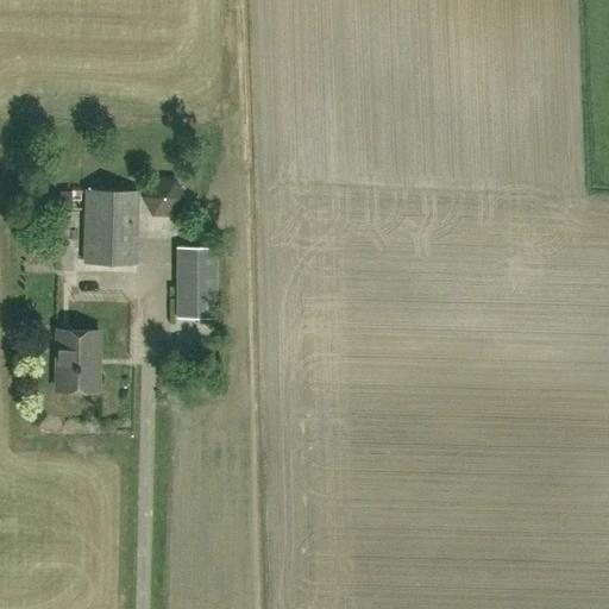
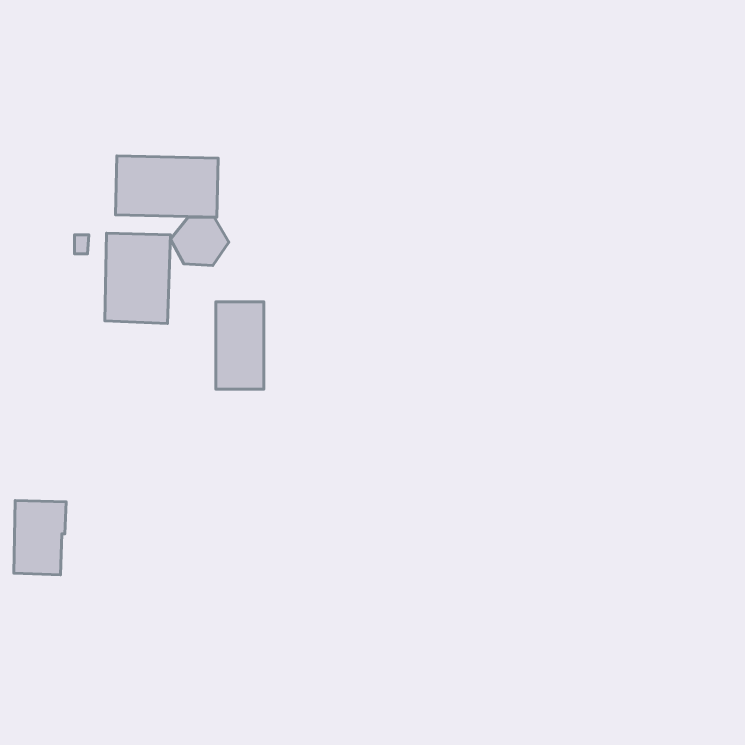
building: none -> [116,156,218,217]
building: [56,329,99,390] -> [14,500,66,575]

